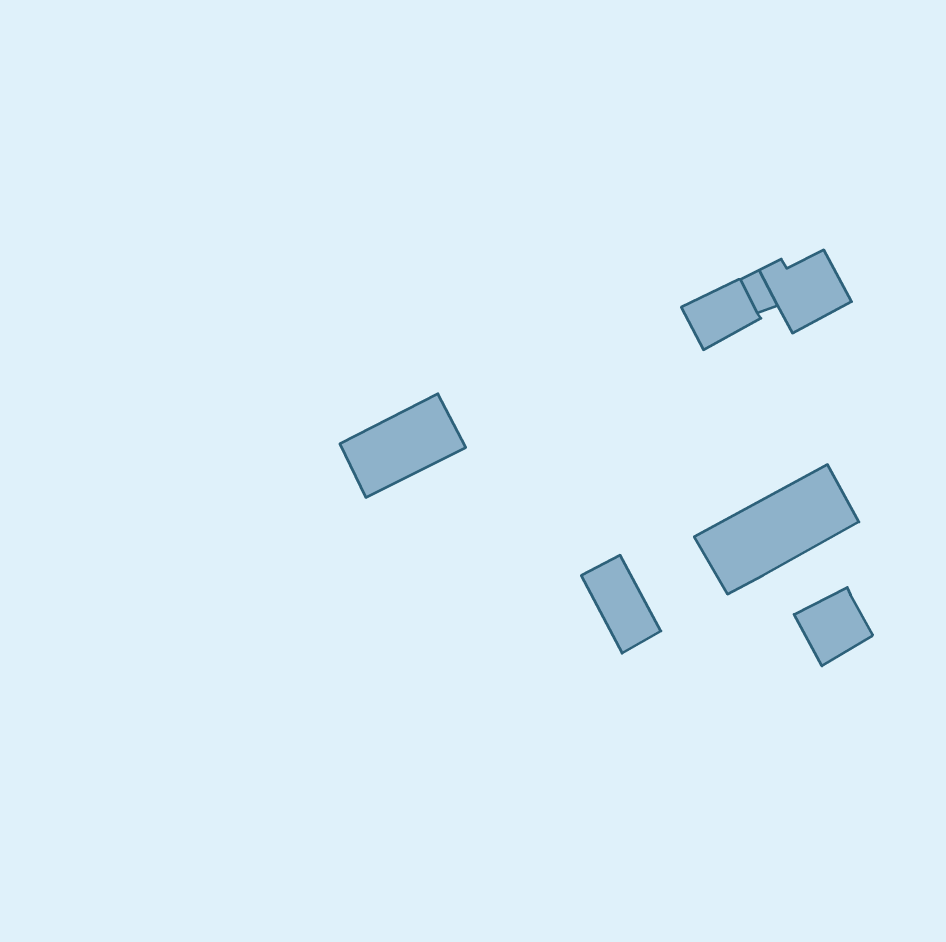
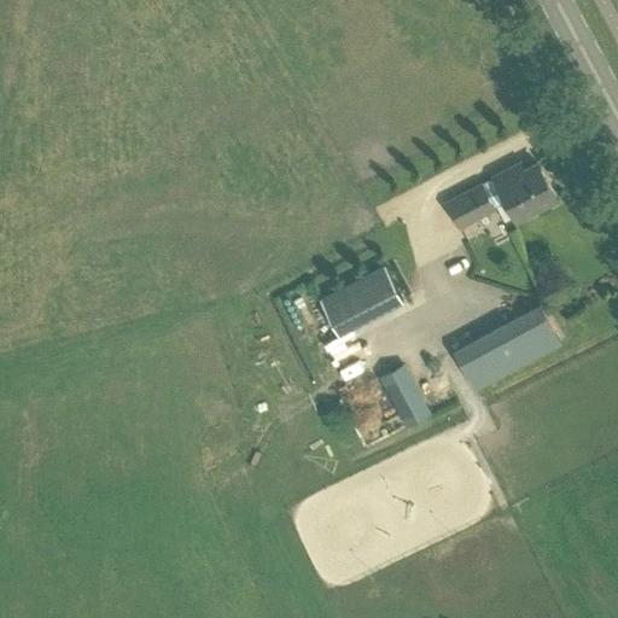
building: [340,394,466,497] -> [321,272,403,339]
building: [794,587,873,666] -> none

